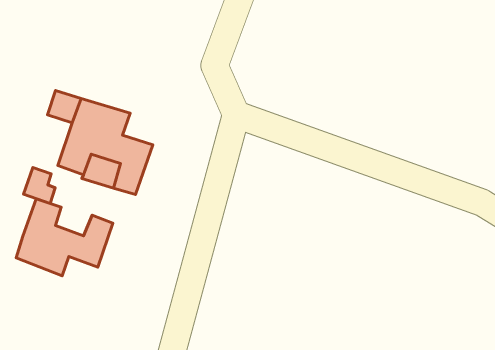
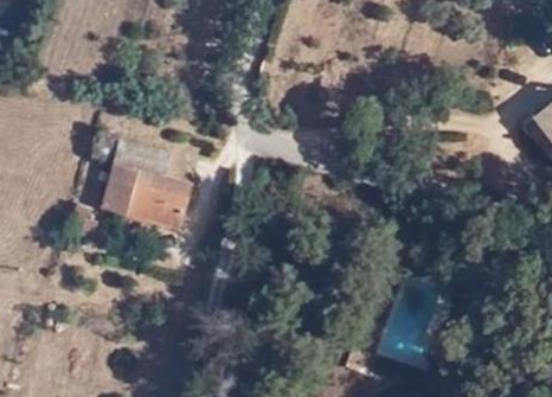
building: [16,199,113,276] -> none

